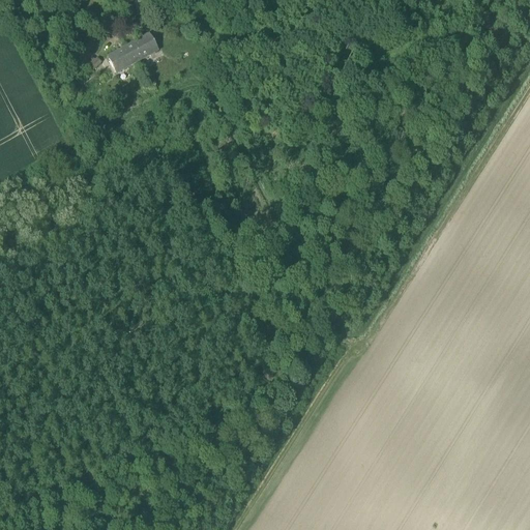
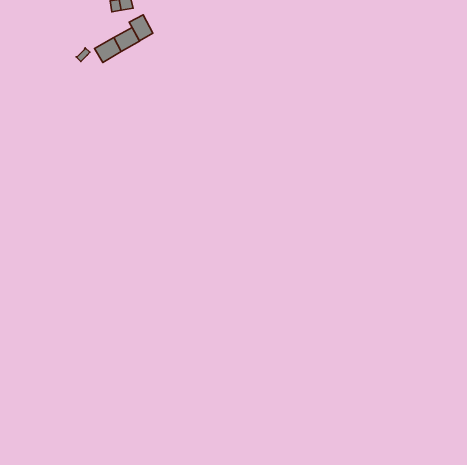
building: none -> [129,15,153,41]

